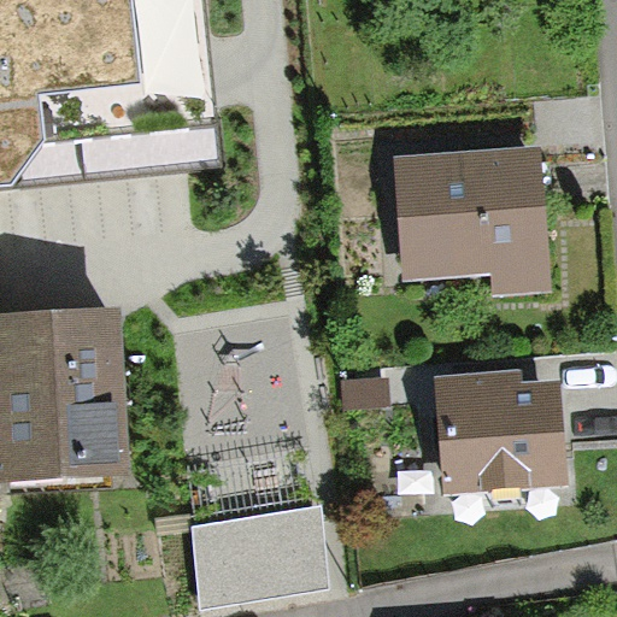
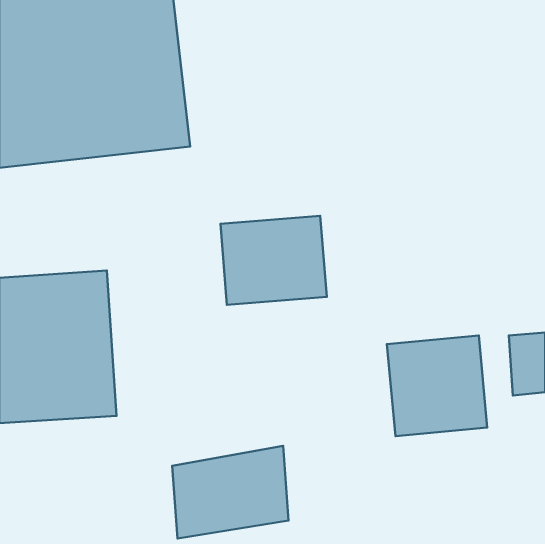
building: [390,148,536,284] -> none
building: none -> [220,216,327,305]

